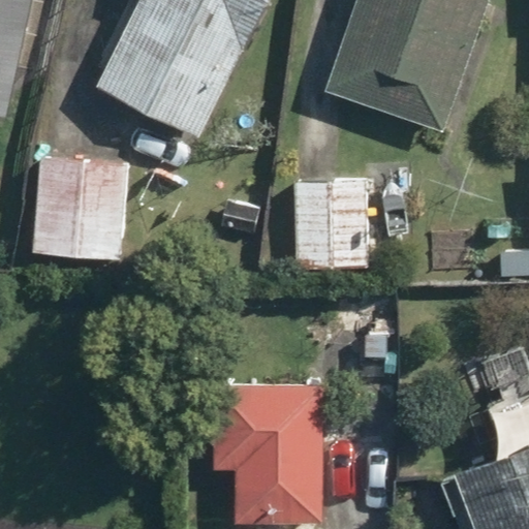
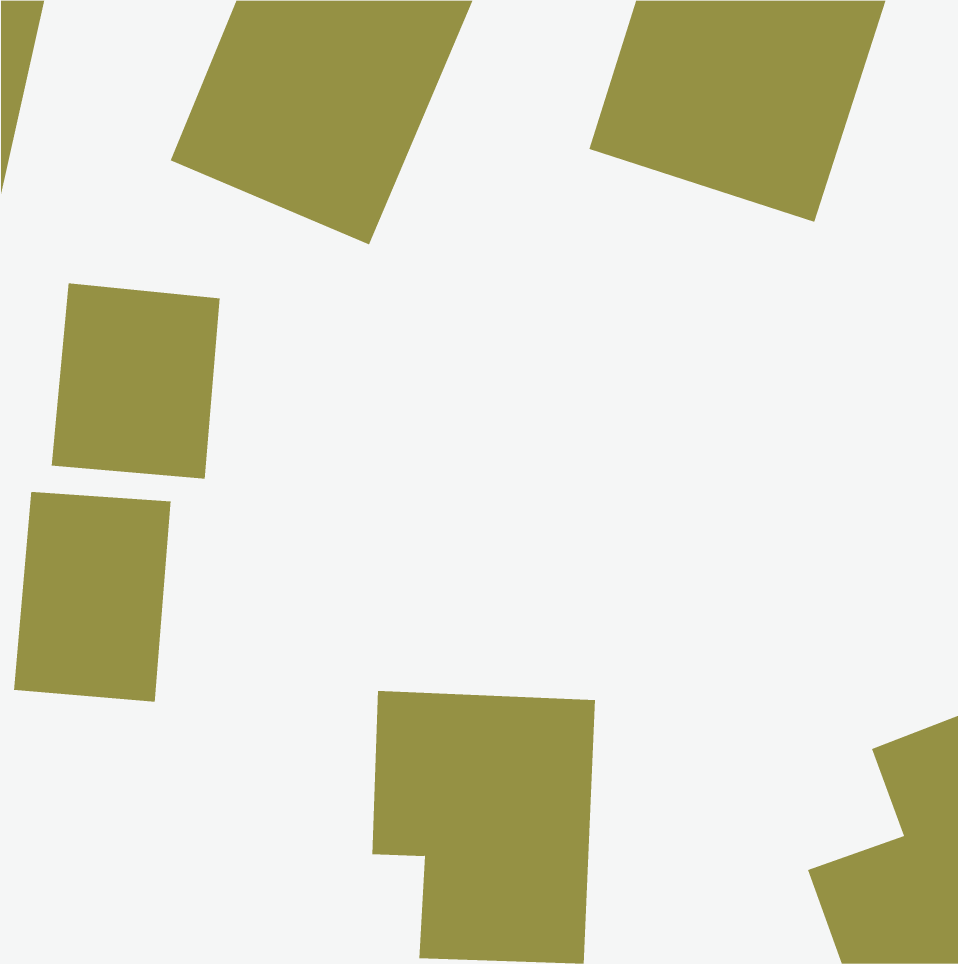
building: [281,179,371,274] -> none
building: none -> [13,491,171,703]

